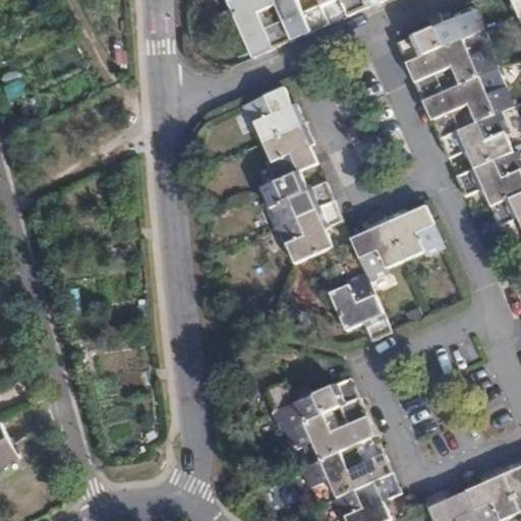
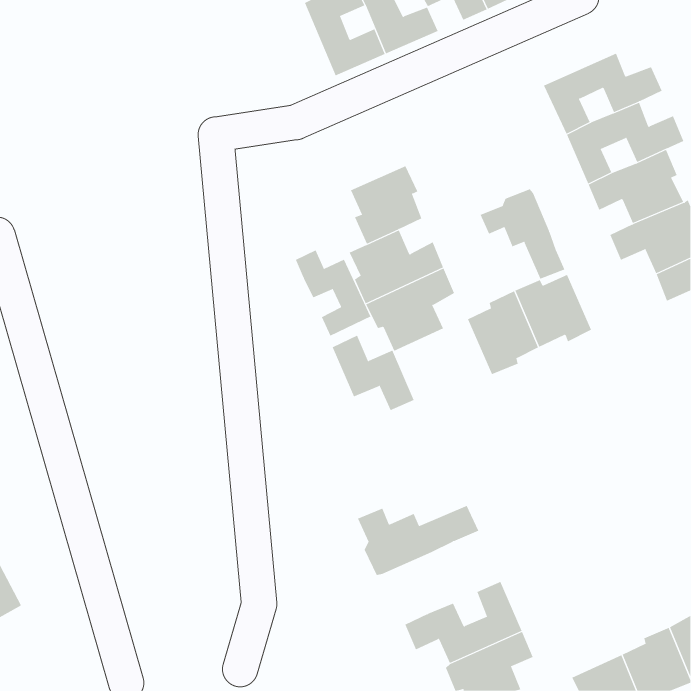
building: [399,8,485,64] -> none
building: [242,89,304,142] -> none
building: none -> [480,188,565,280]
building: none -> [295,249,371,336]
building: [330,284,392,341] -> [332,335,415,411]
building: [287,398,375,460] -> none

